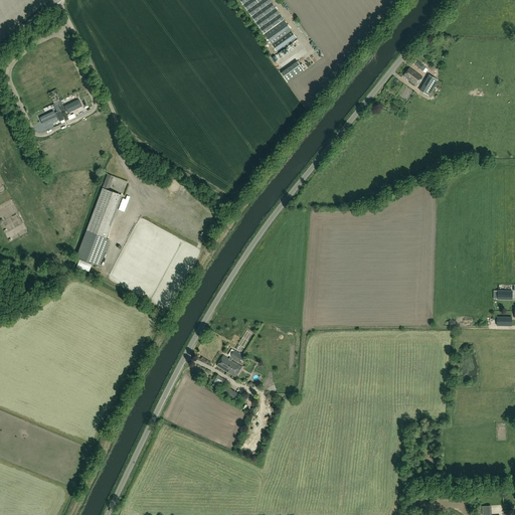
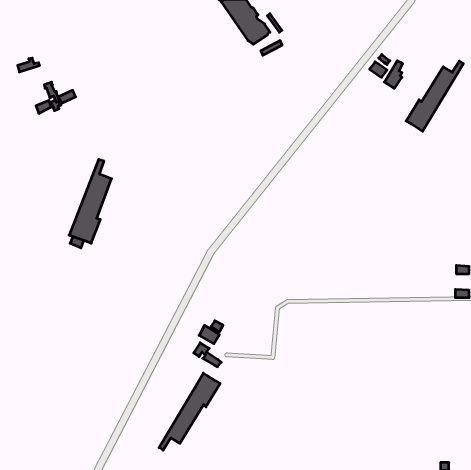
building: none -> [406,61,463,131]
building: none -> [159,373,220,450]

